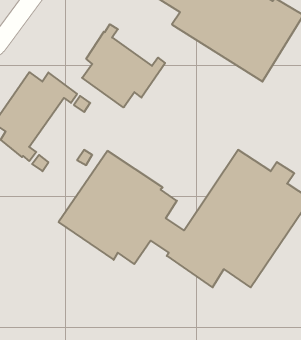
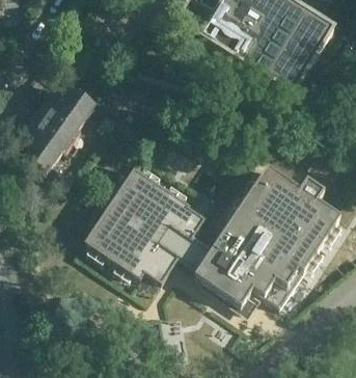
building: [82,24,165,107] -> none

